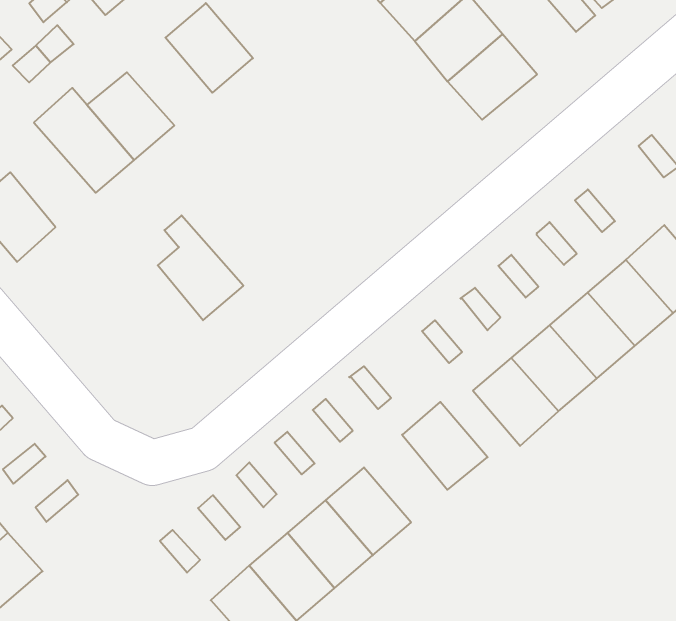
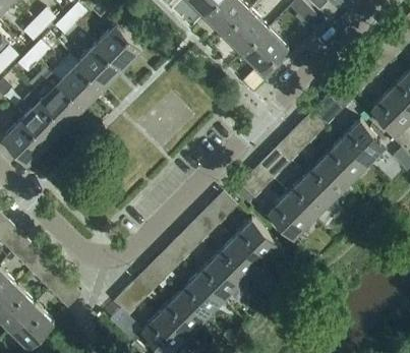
building: none -> [77,45,122,90]
building: [158,215,243,320] -> [21,94,66,146]
building: none -> [215,239,258,284]

